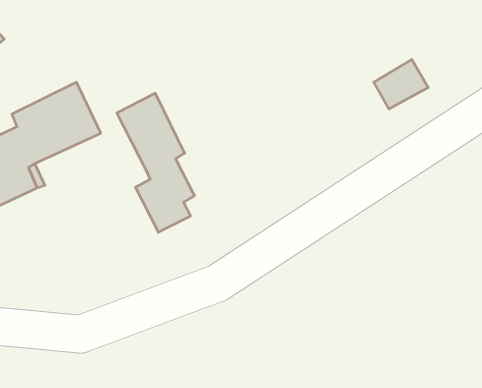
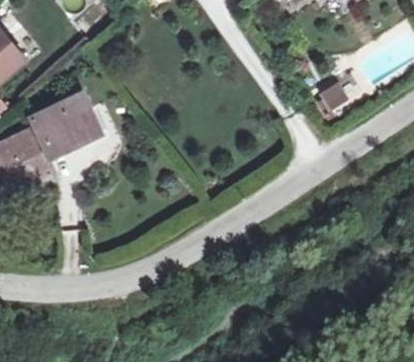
building: [117,93,194,232] -> none

